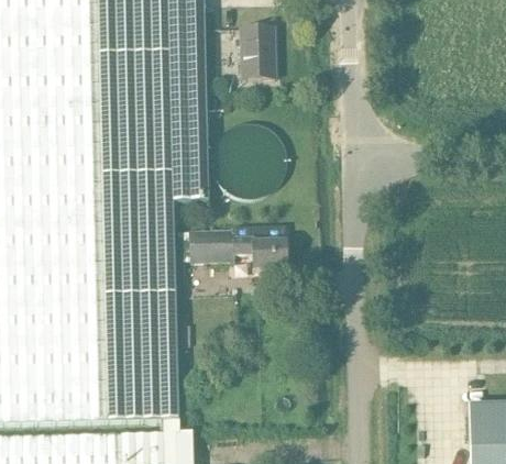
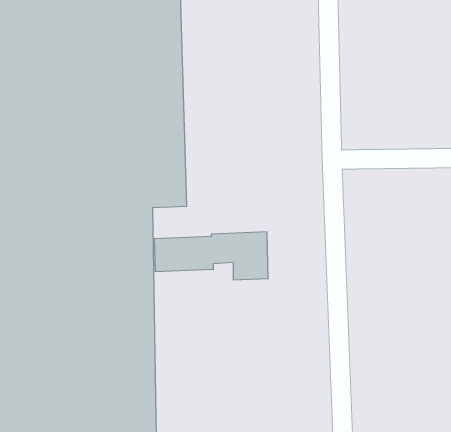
building: [240,29,274,80] -> none

